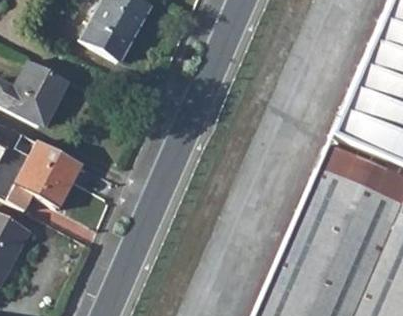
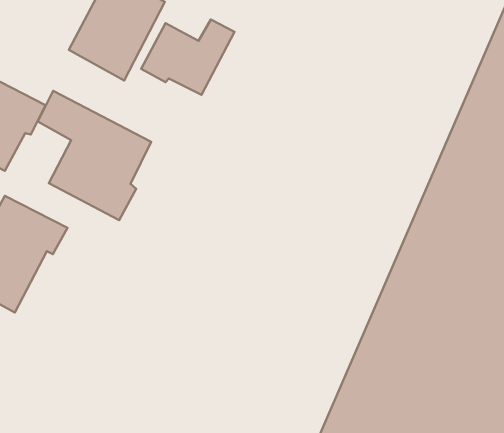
building: none -> [141,19,235,95]
building: none -> [38,91,151,220]

